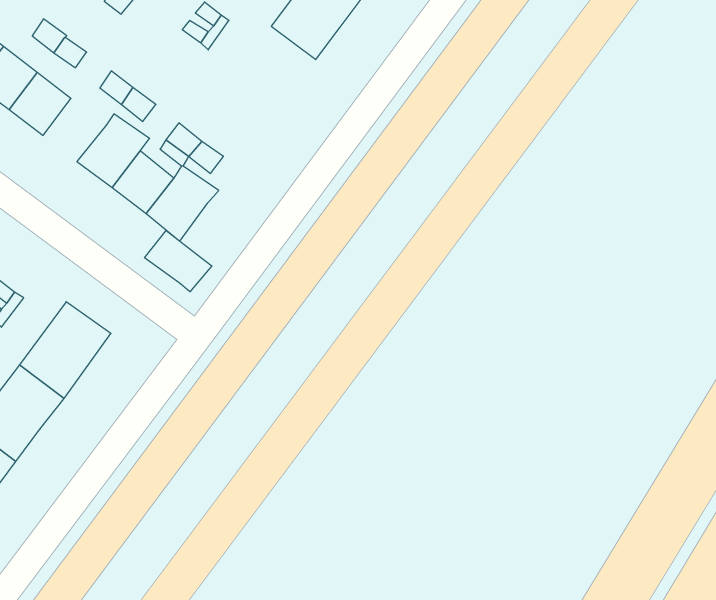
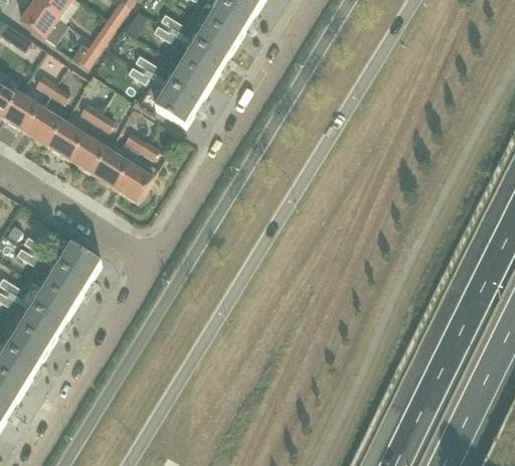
building: none -> [154,64,208,124]
building: none -> [45,120,83,158]
building: [145,231,212,292] -> none

